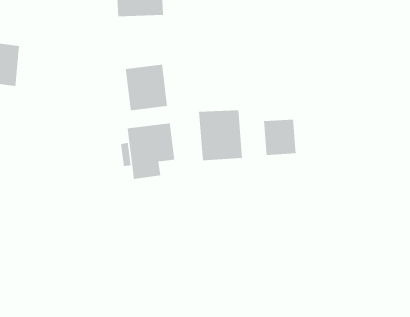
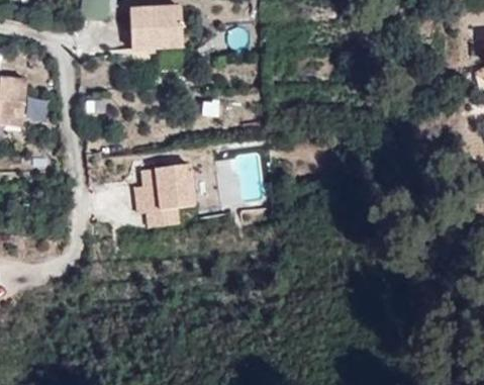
building: [125,64,167,111] -> none
building: [263,119,296,156] -> none

